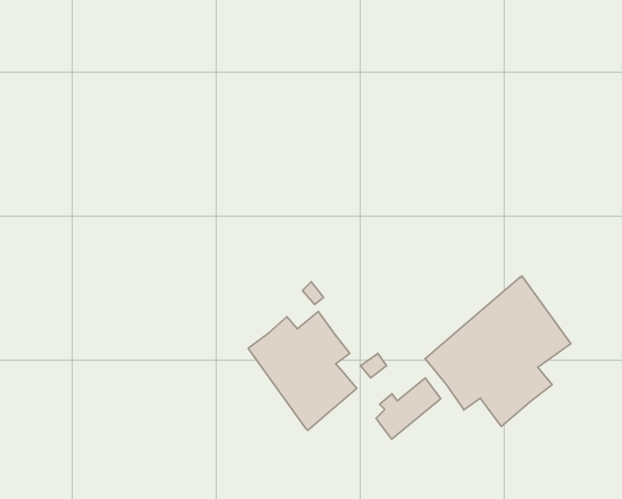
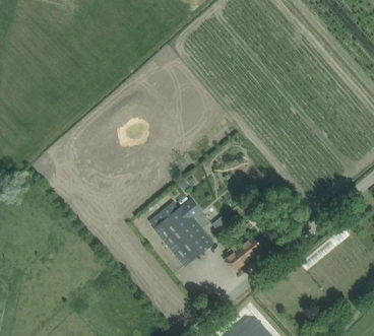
building: [425,276,571,426] -> none

